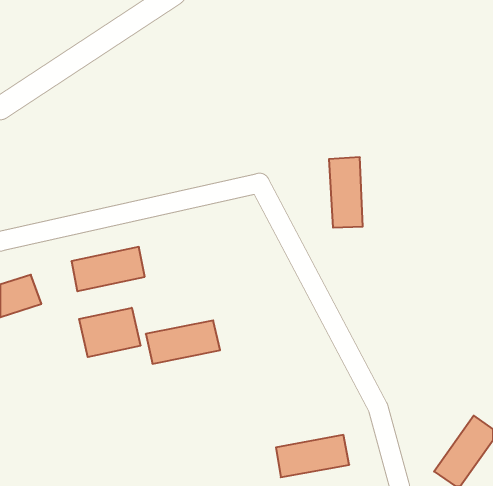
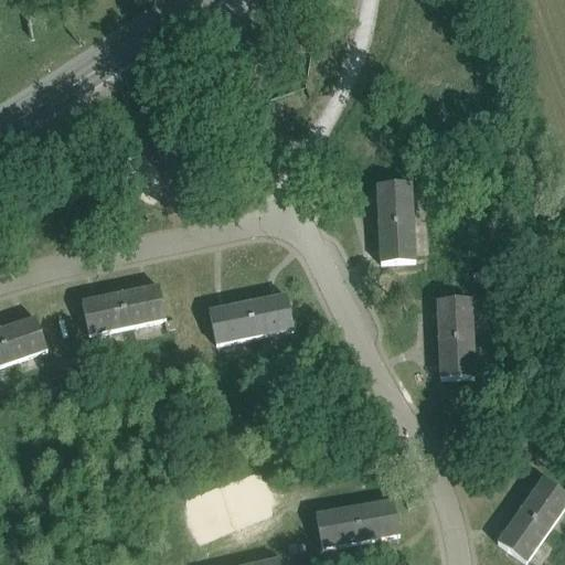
building: none -> [437,296,475,376]
building: [79,308,140,357] -> none
building: [146,320,220,364] -> [209,292,294,342]

